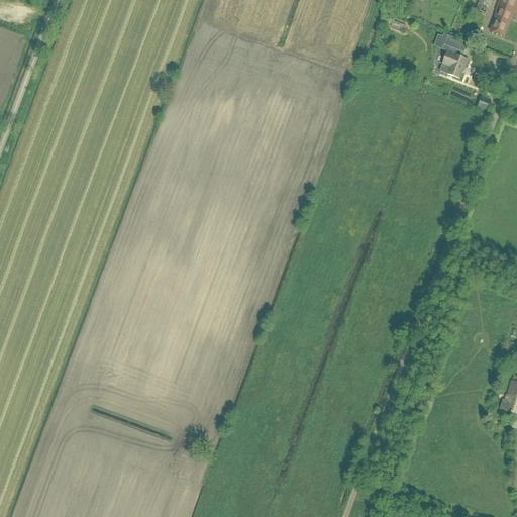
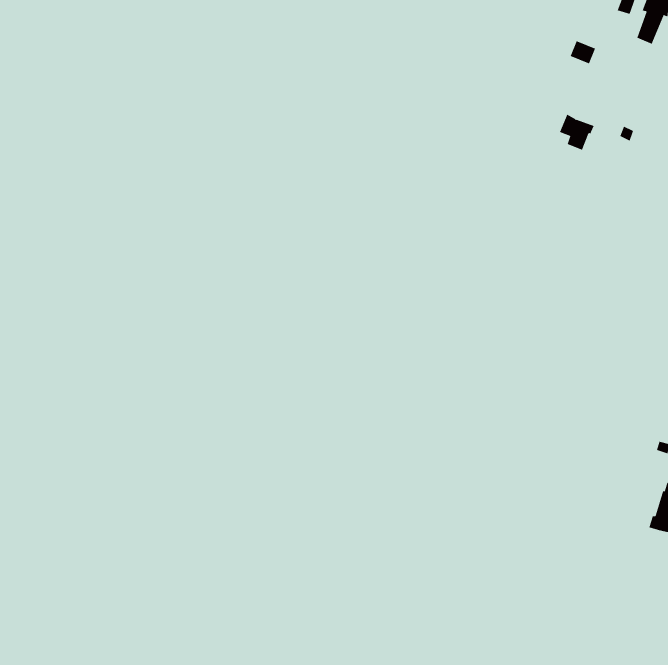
building: [442,48,470,77] -> [559,114,594,151]

